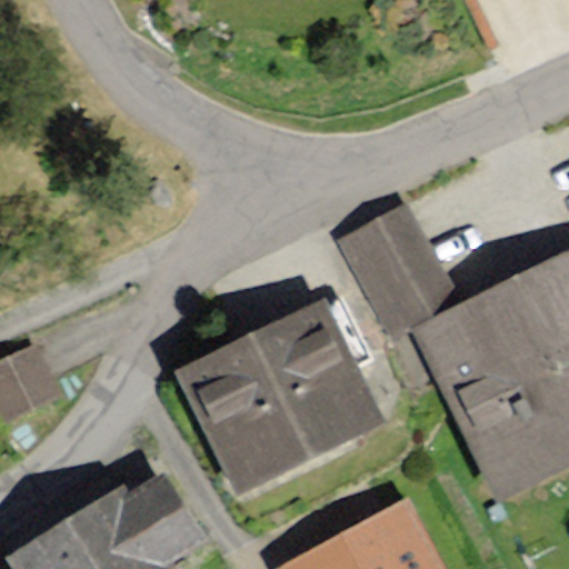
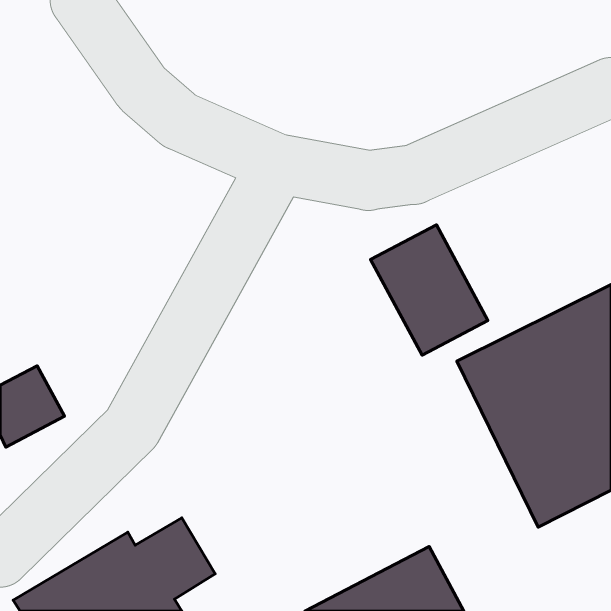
building: [188,310,375,483] -> none

